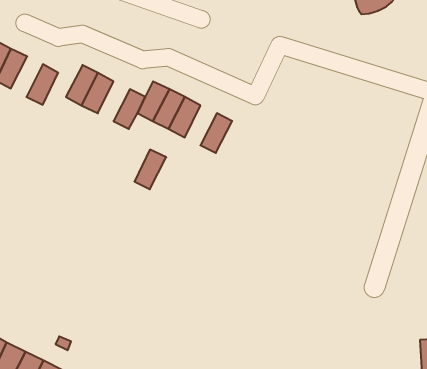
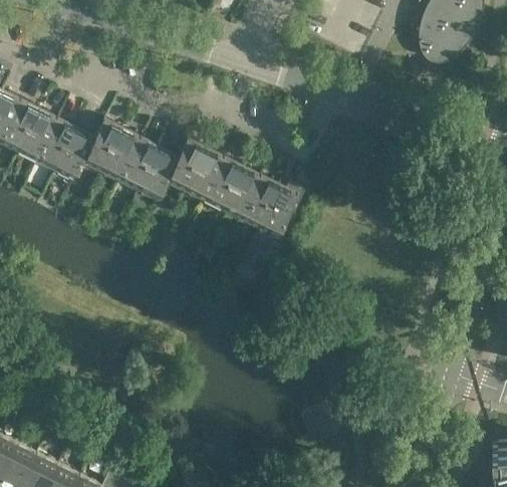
building: none -> [20,111,57,159]
building: none -> [57,121,103,177]
building: none -> [121,141,159,187]
building: none -> [259,185,305,234]
building: [134,150,166,189] -> [223,169,260,215]

